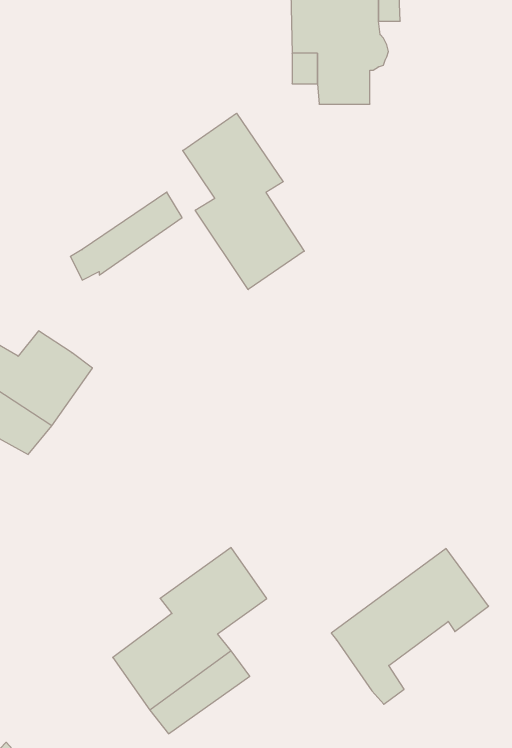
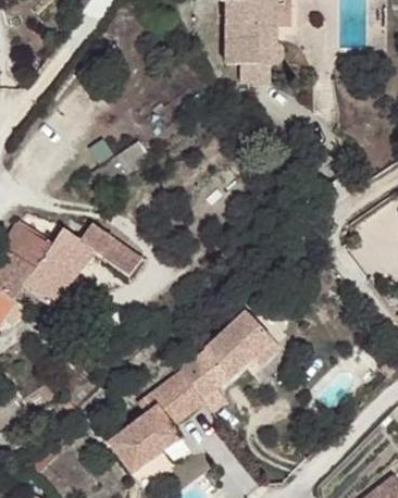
building: [183,113,304,290] -> none
building: none -> [82,226,141,277]
building: [331,549,489,704] -> [181,309,282,409]

